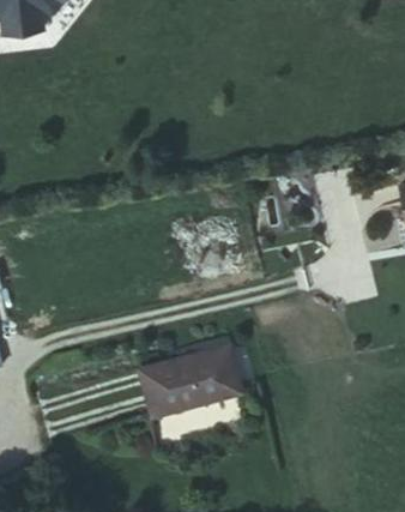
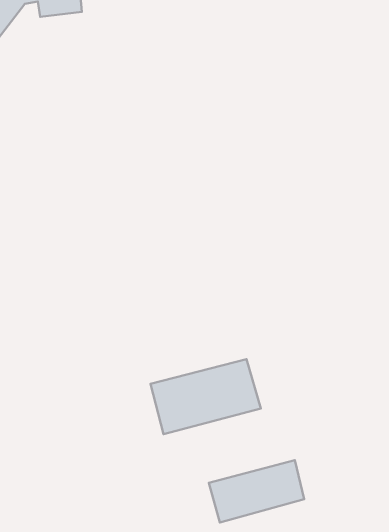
building: none -> [209,460,304,522]

